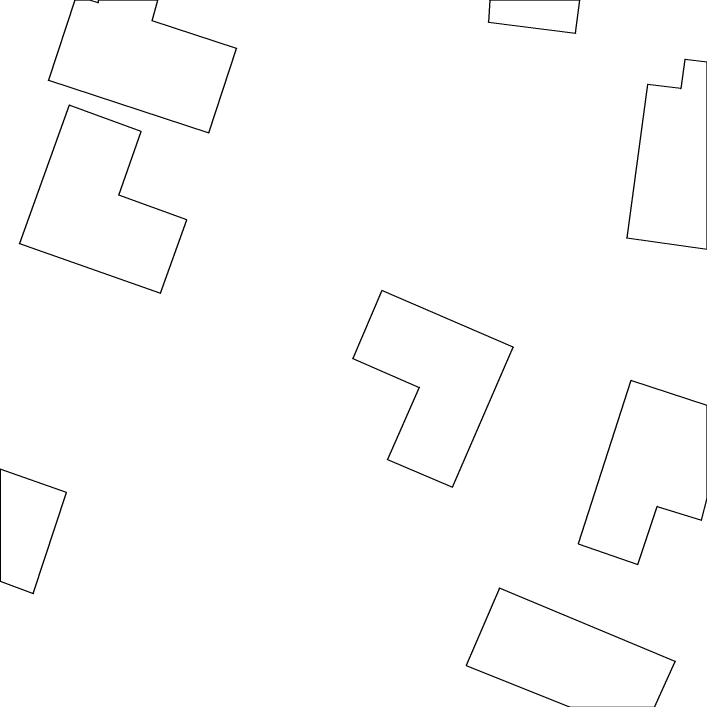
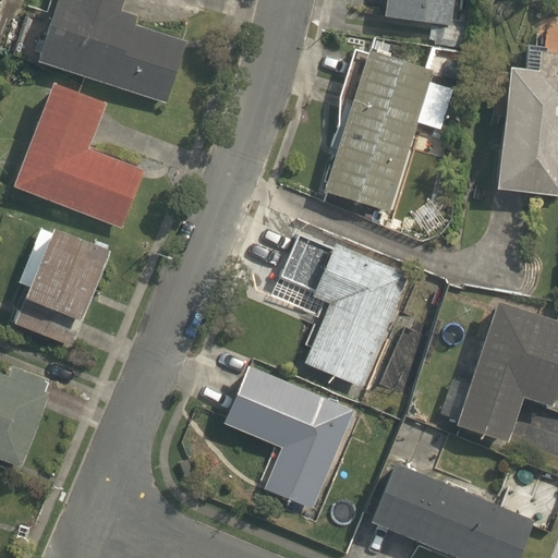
building: none -> [324,50,430,211]
building: none -> [14,223,109,348]
building: none -> [222,359,360,511]

